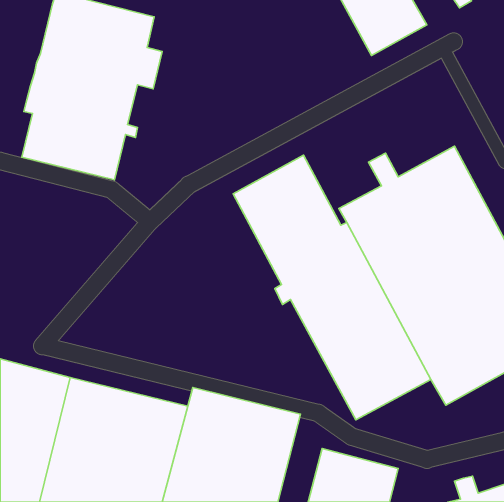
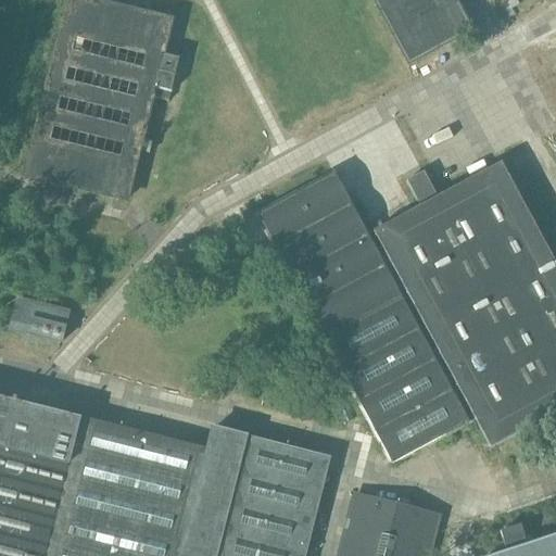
building: none -> [10,296,68,340]

